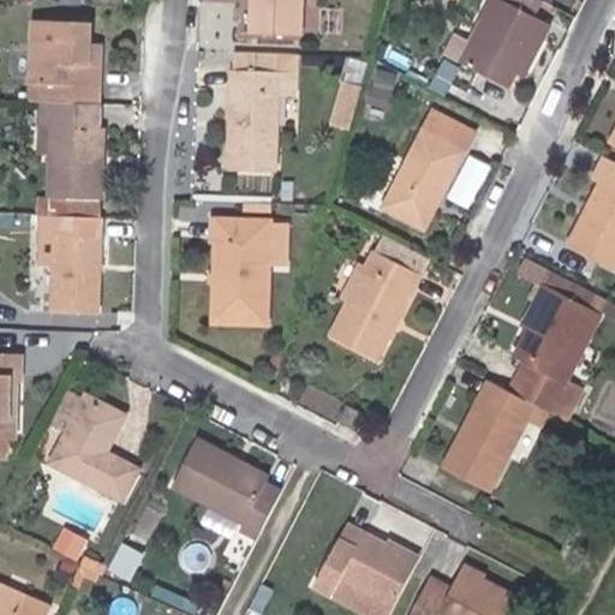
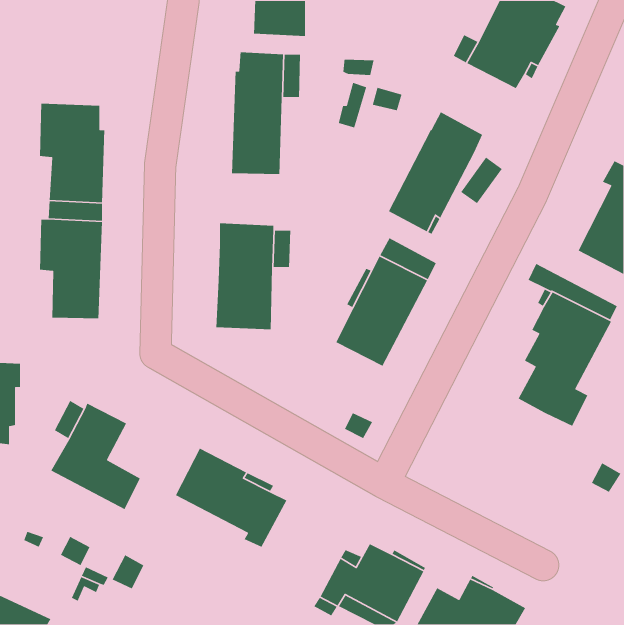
building: [29,20,101,103] -> none
building: [442,381,535,492] -> none

